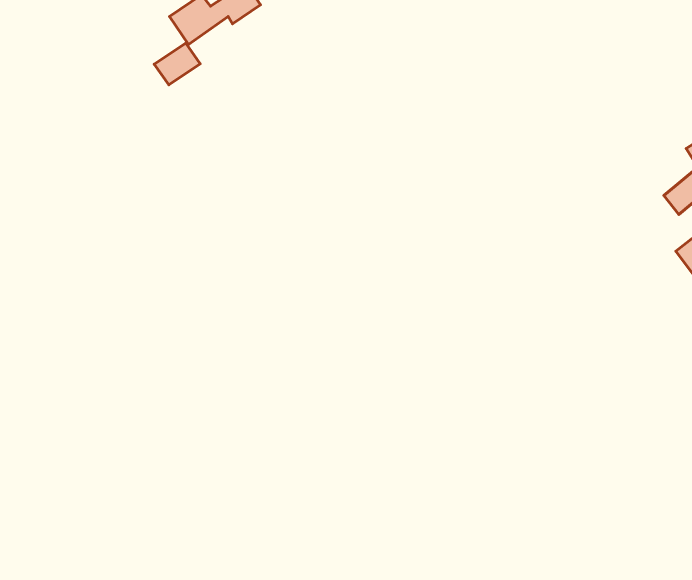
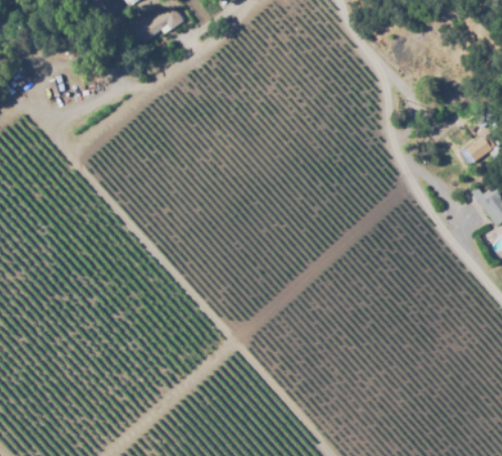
building: [154,43,200,85] -> none

